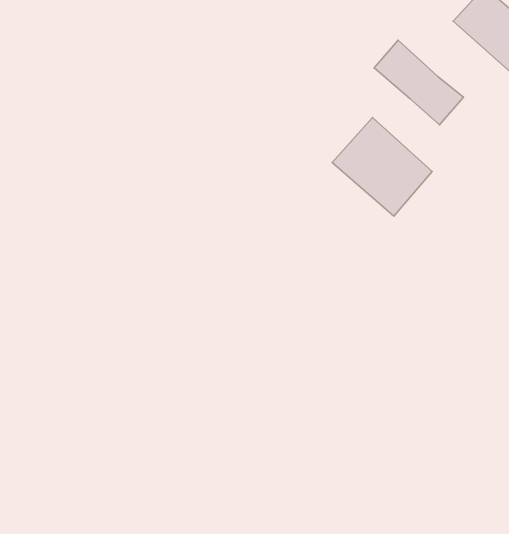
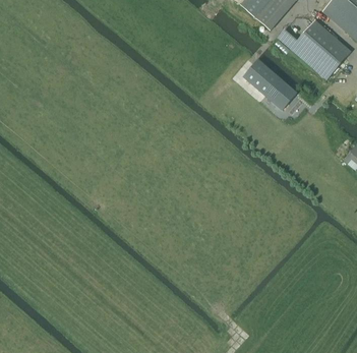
building: [332,117,432,216] -> none

